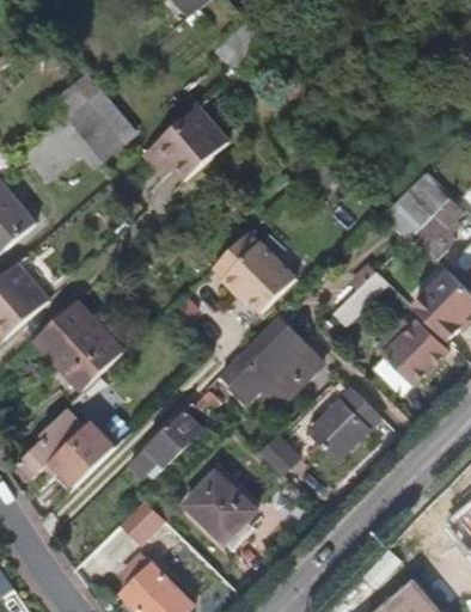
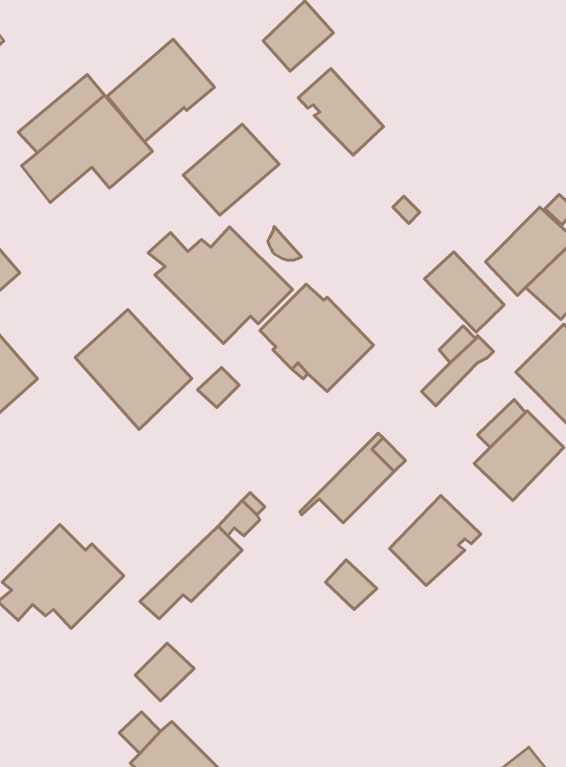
building: none -> [107,39,215,142]
building: none -> [298,68,383,155]
building: none -> [148,227,292,343]
building: none -> [424,252,504,332]
building: [36,304,123,393] -> [75,309,192,430]
building: [219,318,302,402] -> none
building: [184,470,256,541] -> none

